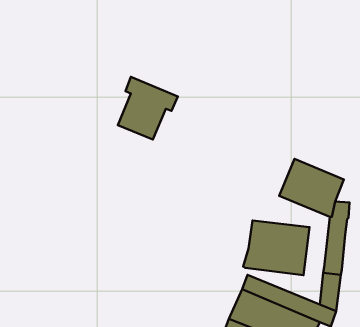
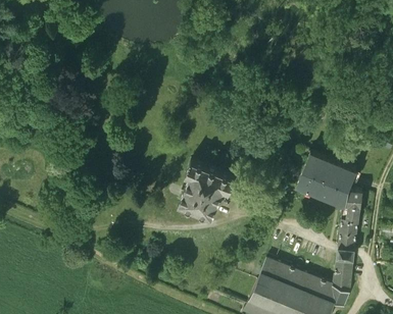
building: [118,77,178,139] -> [179,161,235,219]
building: [243,220,310,275] -> none

